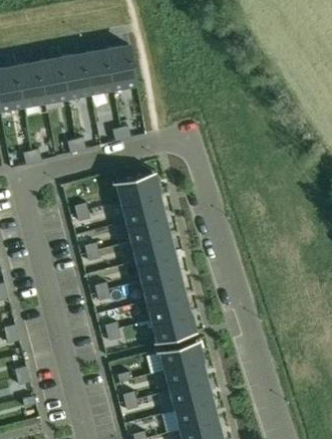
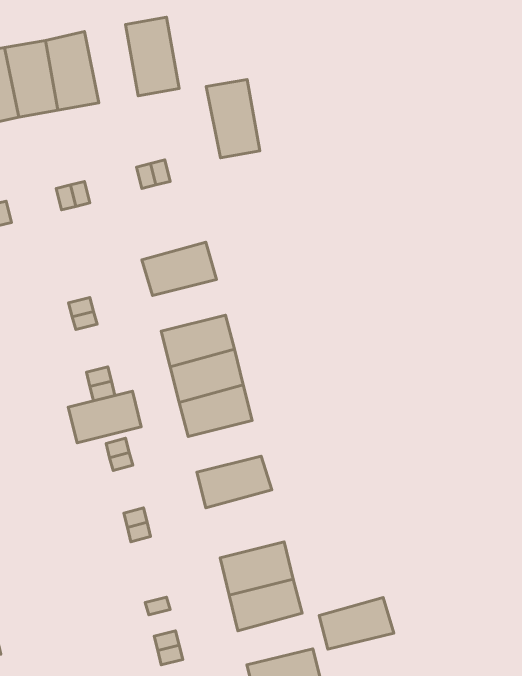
building: [83,49,113,93] -> [206,79,260,158]
building: [121,193,162,222] -> none
building: [141,272,183,301] -> [68,391,141,443]
building: [151,311,194,342] -> none
building: [170,381,212,410] -> [319,598,394,649]

